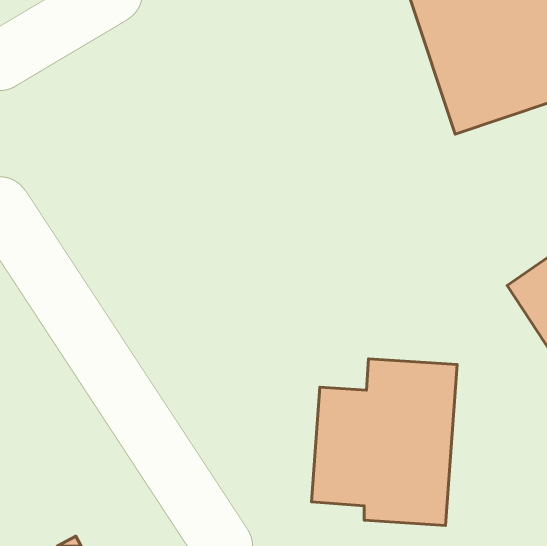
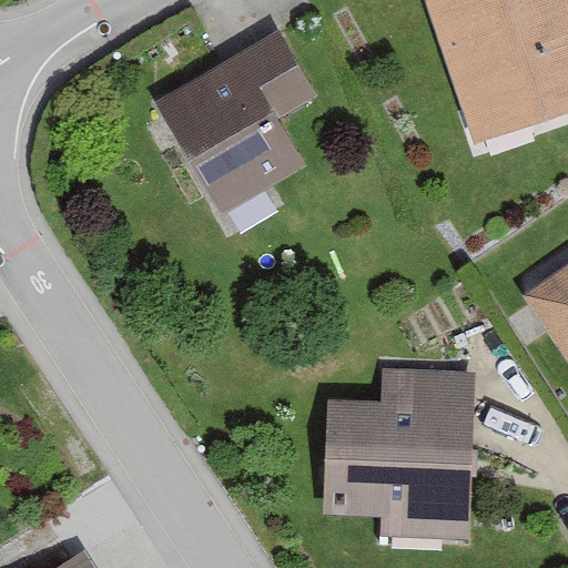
building: none -> [155,32,313,209]

